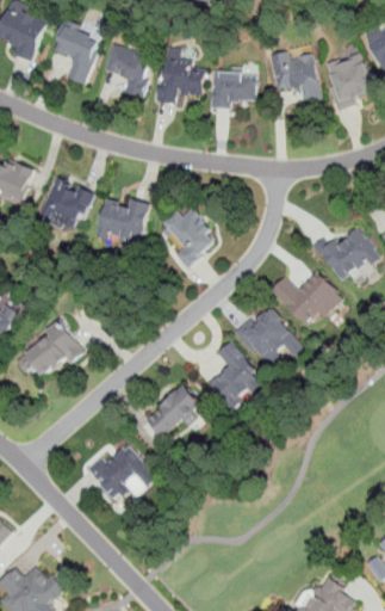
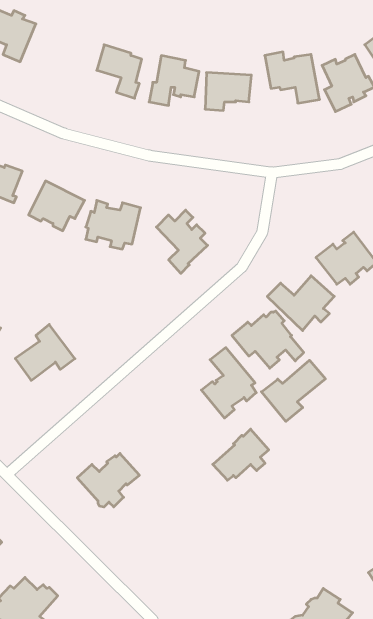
building: [55,20,97,84] -> none
building: none -> [261,360,325,421]
building: [144,384,199,434] -> [213,429,269,480]

